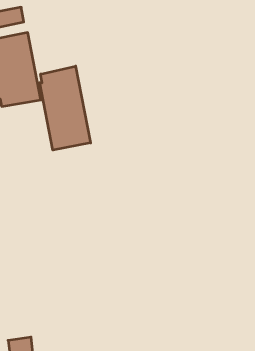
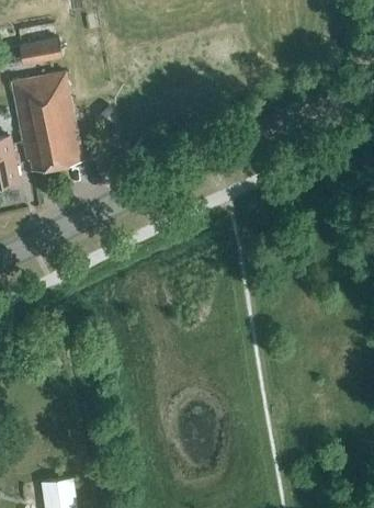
building: [40,66,91,150] -> none

